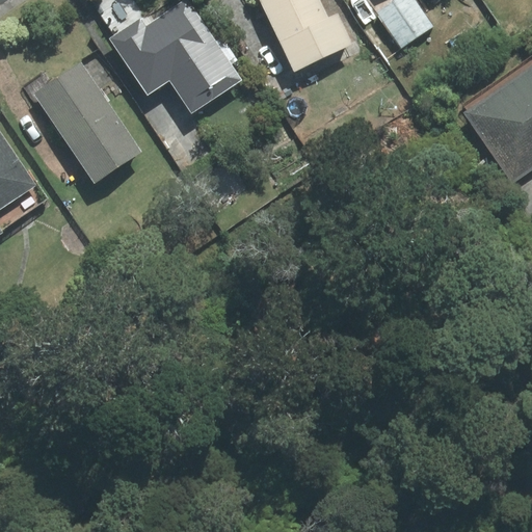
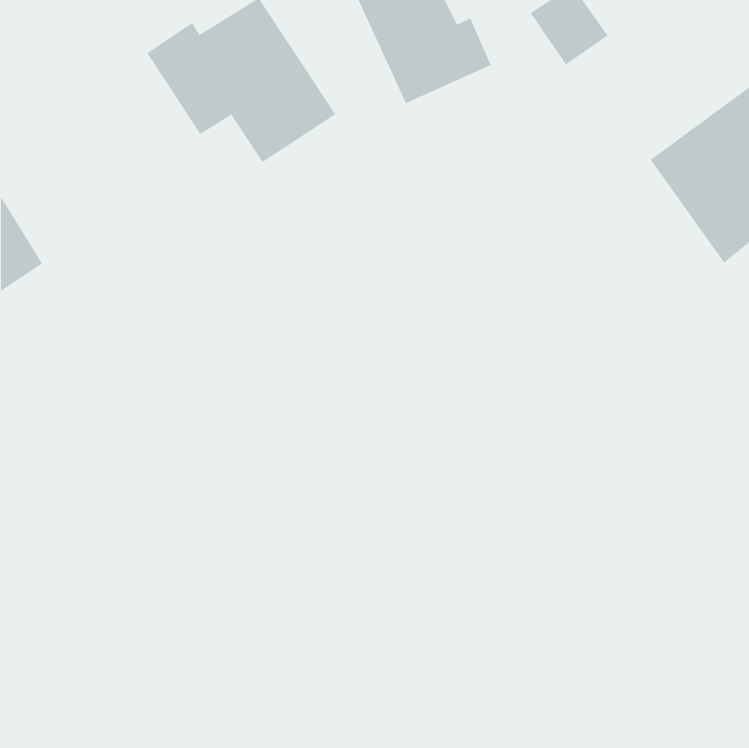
building: [32,60,141,183] -> none

